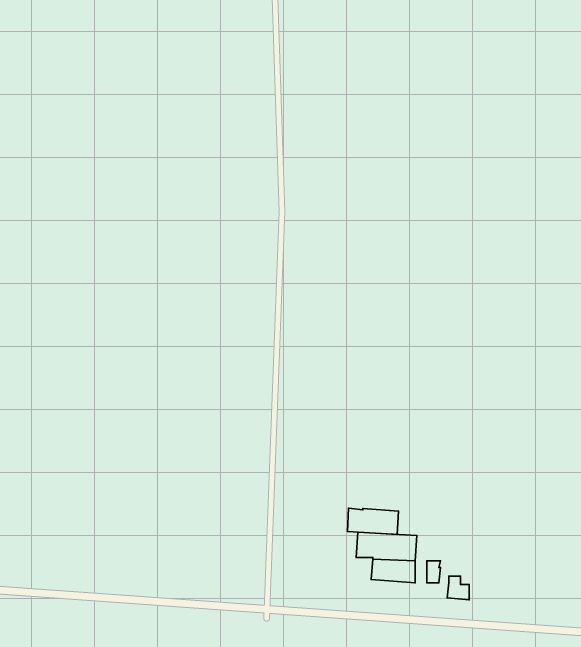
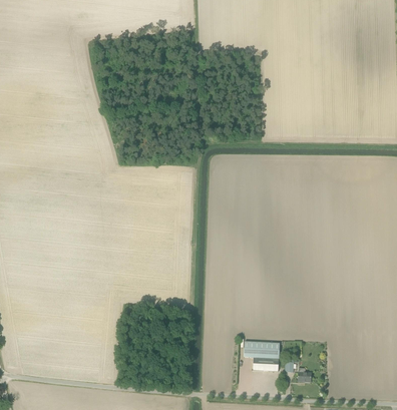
building: [347,508,398,534] -> none

